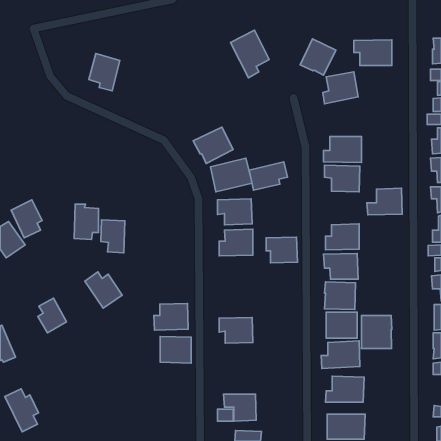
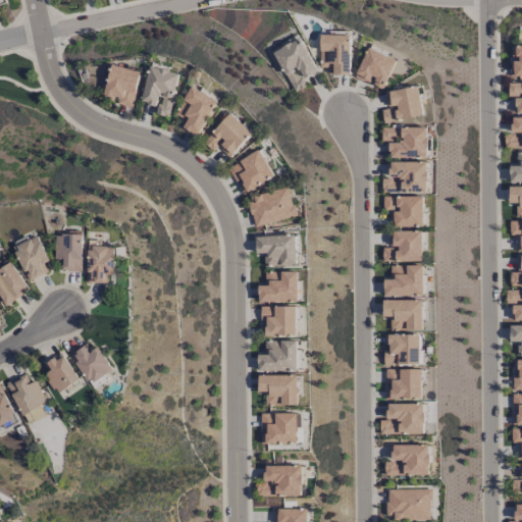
building: none -> [320,34,351,74]
building: [354,40,392,66] -> [382,125,427,156]
building: none -> [143,65,180,116]
building: none -> [178,86,219,136]
building: none -> [204,112,254,156]
building: [249,162,287,190] -> none
building: [367,188,402,215] -> [382,229,424,261]
building: [101,220,125,253] -> [55,232,84,271]
building: [266,237,297,263] -> [261,305,298,335]
building: [85,272,122,308] -> [70,343,114,385]
building: [154,303,188,330] -> [258,340,299,371]
building: [362,316,392,349] -> none
building: [160,336,191,363] -> [261,412,298,443]
building: [5,389,38,432] -> [6,372,46,423]

